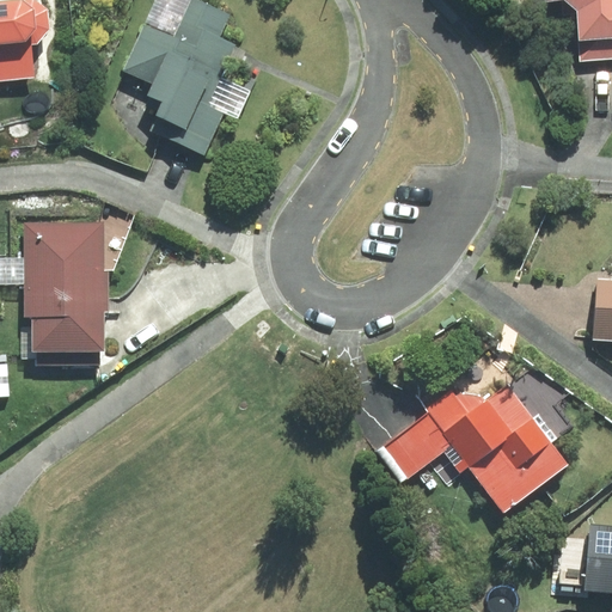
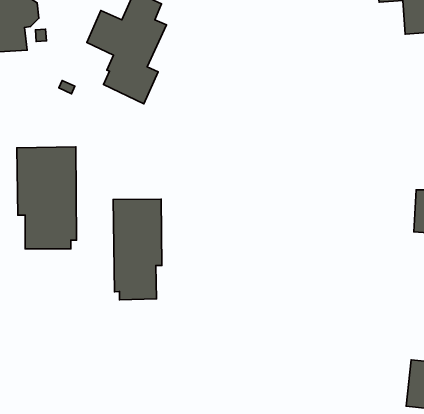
building: none -> [113,199,162,300]
building: [374,384,564,512] -> none

